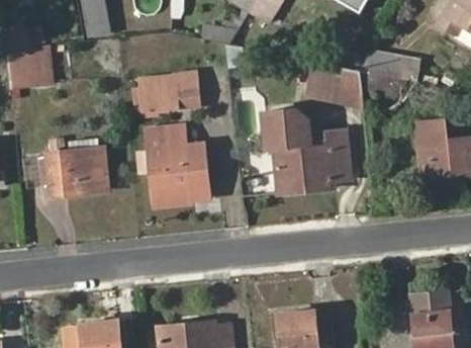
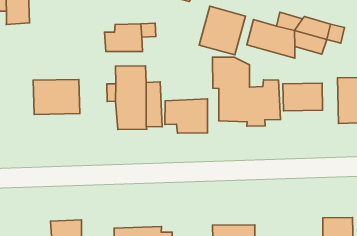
building: none -> [199,6,245,55]
building: none -> [283,83,322,111]
building: none -> [165,99,208,133]

